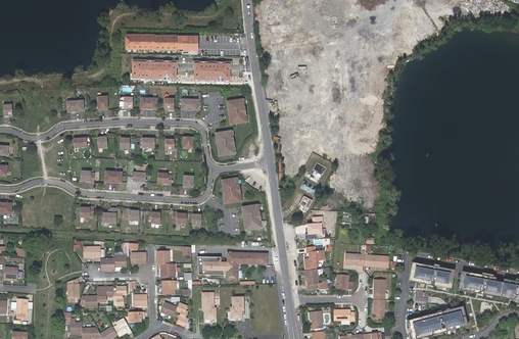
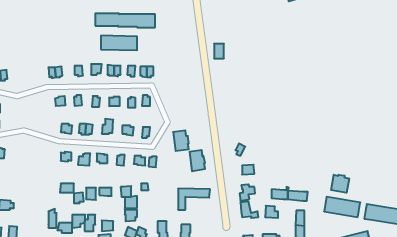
building: [194,63,230,81] -> none
building: [226,96,245,123] -> none
building: [215,130,234,156] -> none
building: none -> [331,175,349,193]

